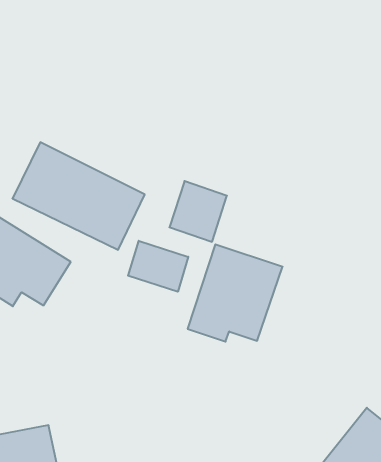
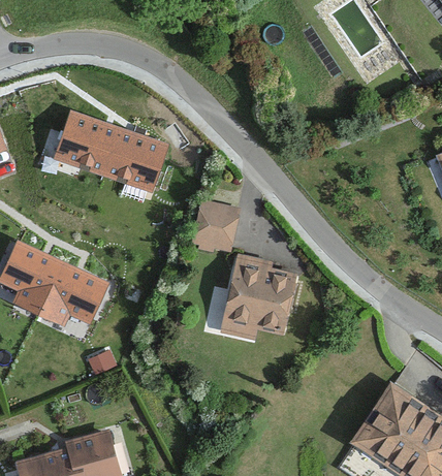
building: [12,142,145,250] -> [53,108,169,195]
building: [128,241,188,292] -> none

